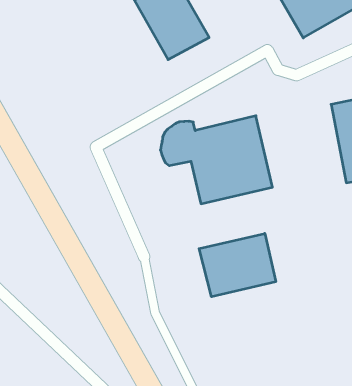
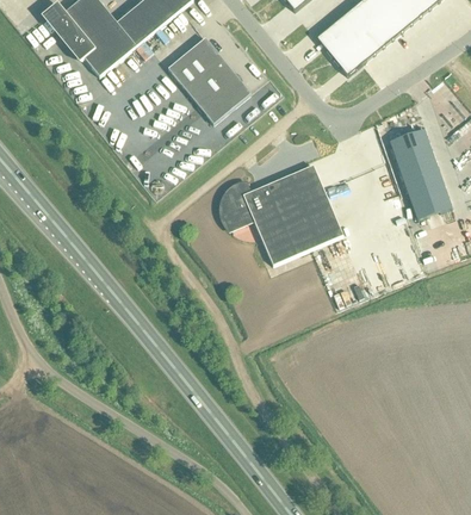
building: [199,233,276,297] -> none

